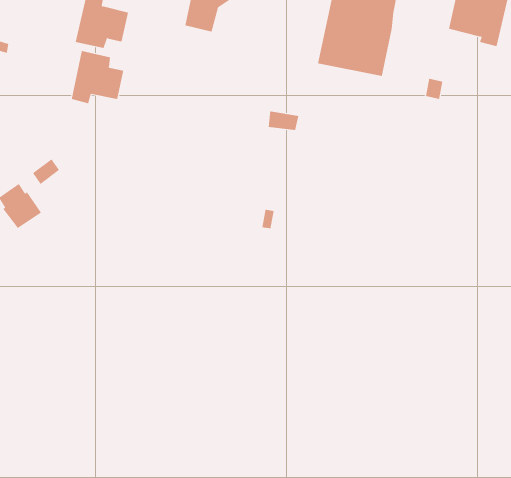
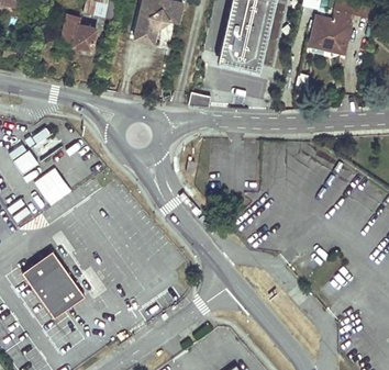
building: [71,50,124,104] -> none
building: none -> [32,168,70,206]
building: none -> [20,250,82,317]

